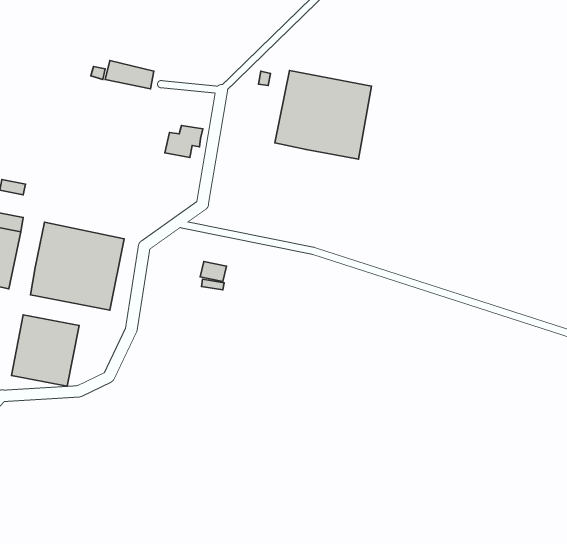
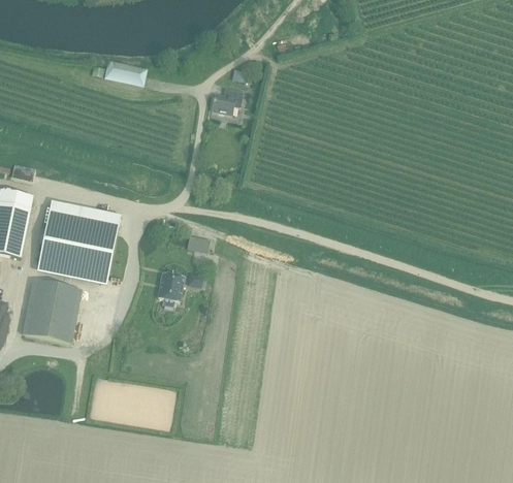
building: [275,70,372,159] -> none
building: [165,125,203,158] -> [210,89,243,117]
building: none -> [157,273,184,308]

